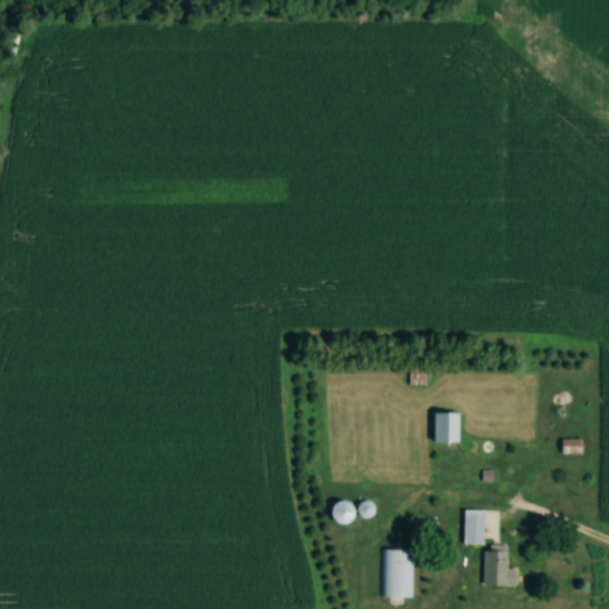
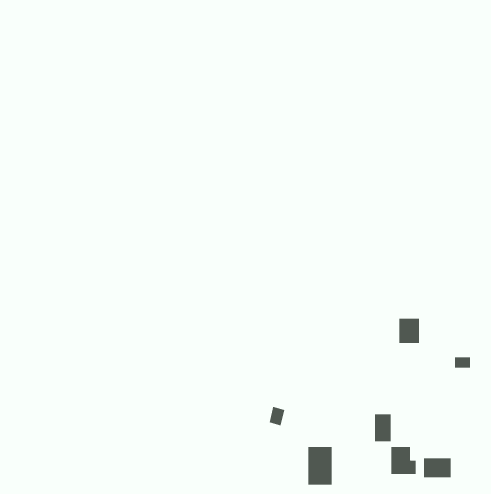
building: [434,412,460,442] -> [398,318,420,343]
building: none -> [423,458,451,478]

